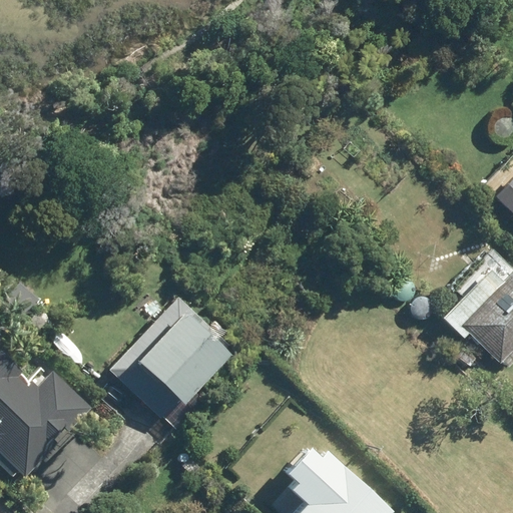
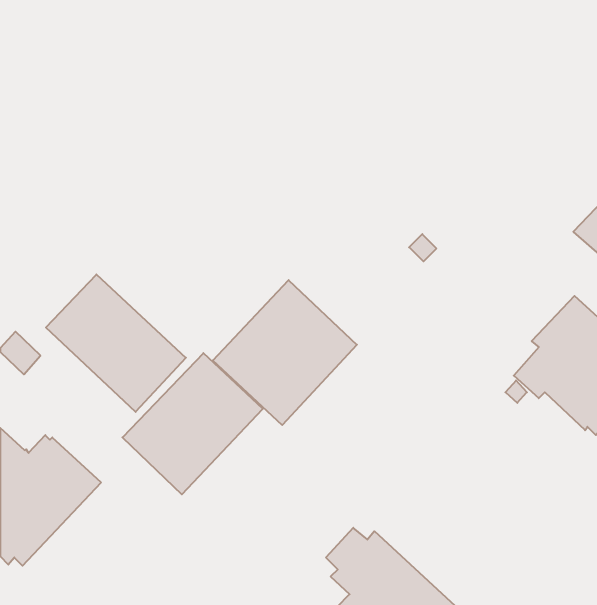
building: none -> [46,274,186,412]
building: none -> [213,280,357,425]

